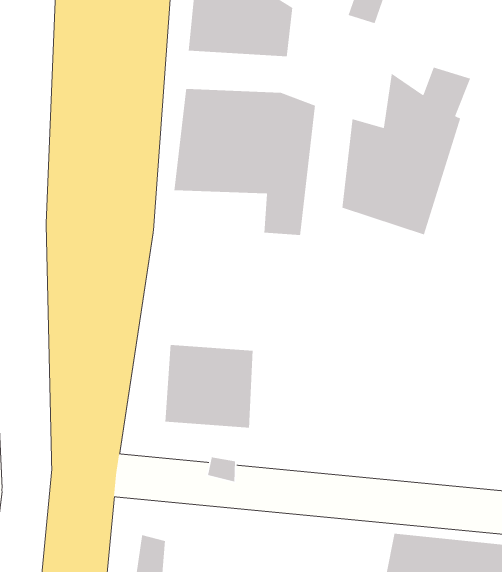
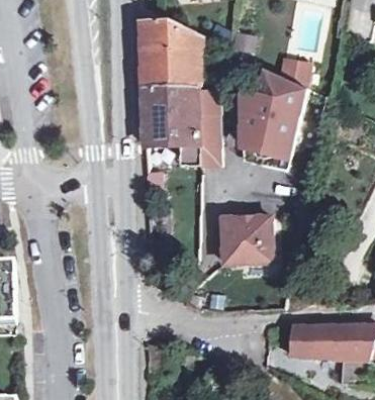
building: none -> [143,66,199,90]
building: [165,344,253,428] -> [223,218,274,265]

